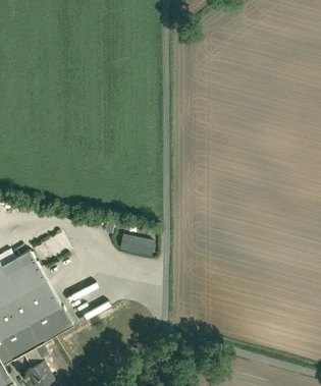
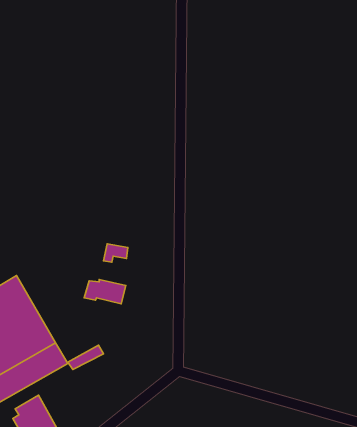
building: [119,237,154,258] -> [84,280,126,304]

